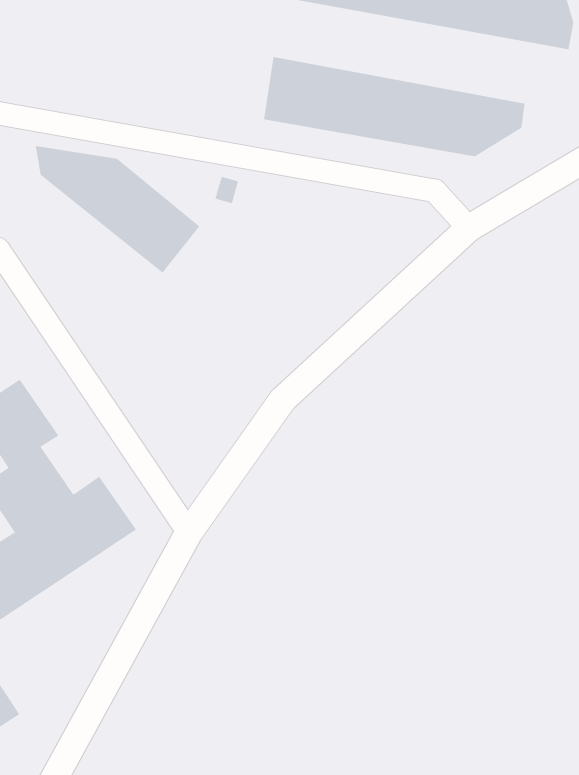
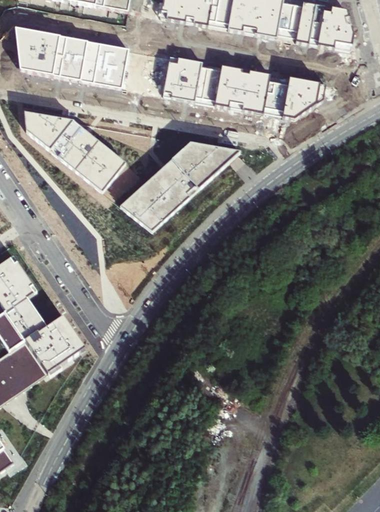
building: none -> [13,26,127,86]
building: none -> [119,141,239,230]

